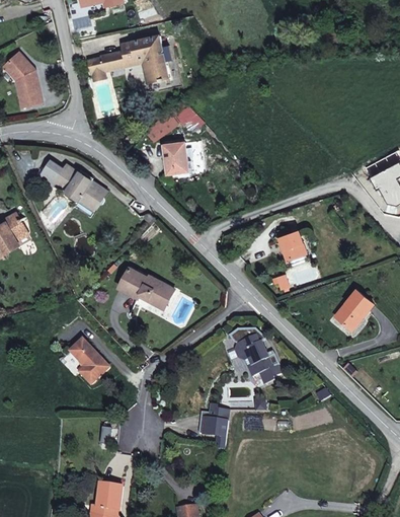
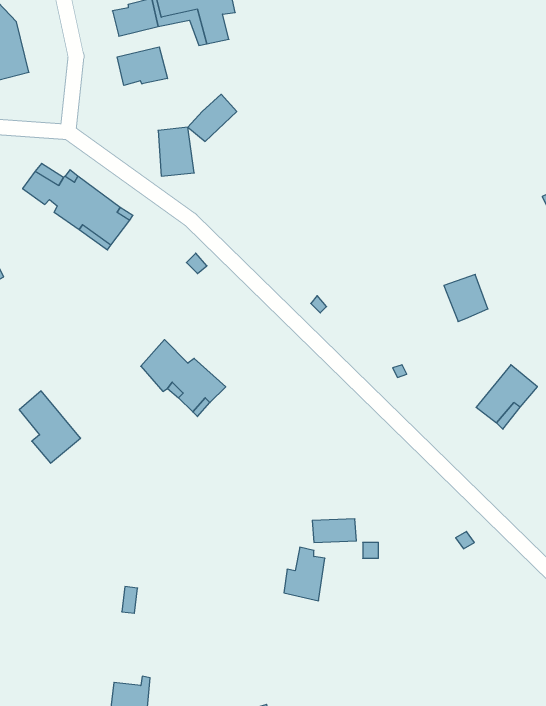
building: none -> [117,47,167,85]
building: [165,143,188,174] -> [158,127,194,176]
building: [276,231,305,262] -> [444,274,488,322]
building: [233,330,279,385] -> none
building: [68,338,107,384] -> [19,391,81,463]

